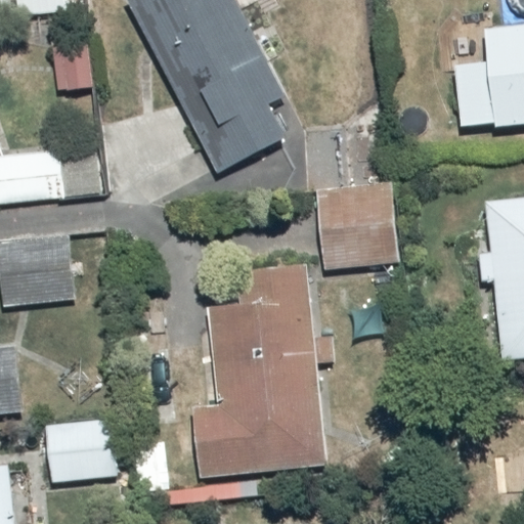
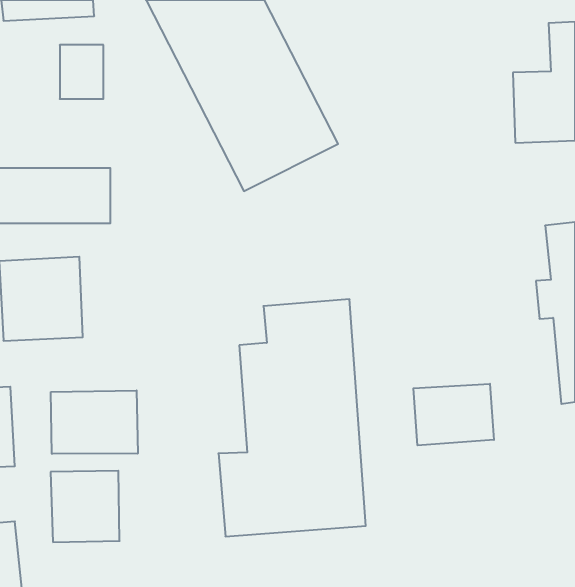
building: [316,182,400,267] -> none
building: none -> [413,384,494,445]
building: none -> [51,390,138,454]

